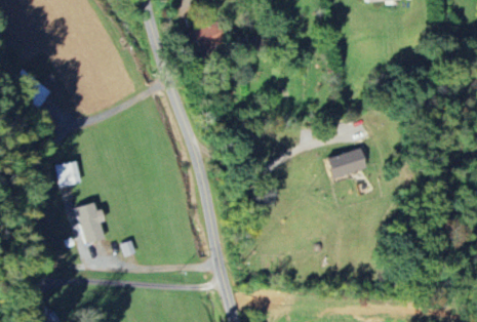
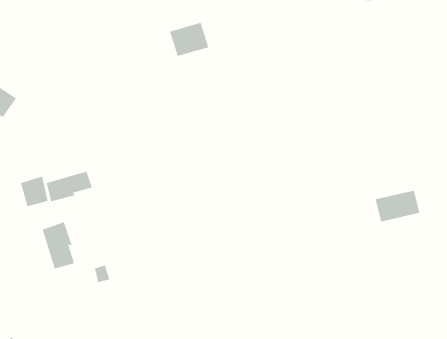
building: [325,149,366,177] -> [375,190,420,222]
building: none -> [46,171,93,202]

